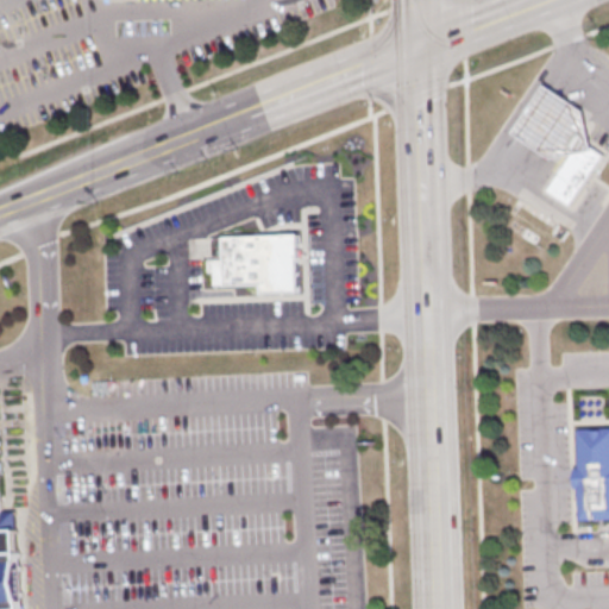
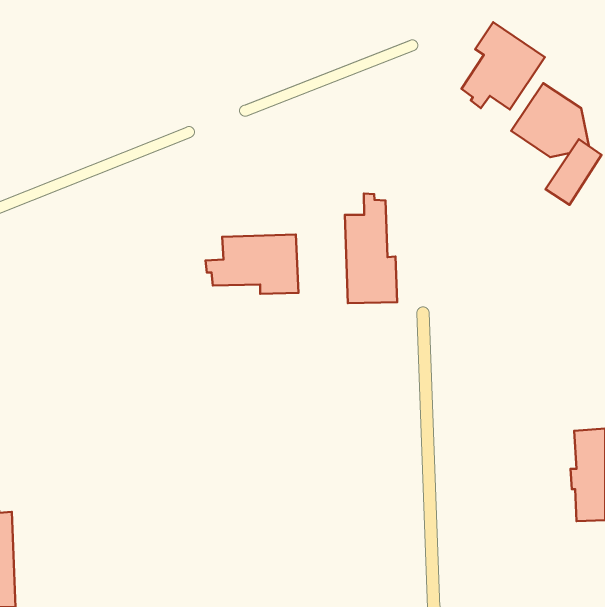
building: none -> [462,22,545,110]
building: none -> [345,193,397,303]

